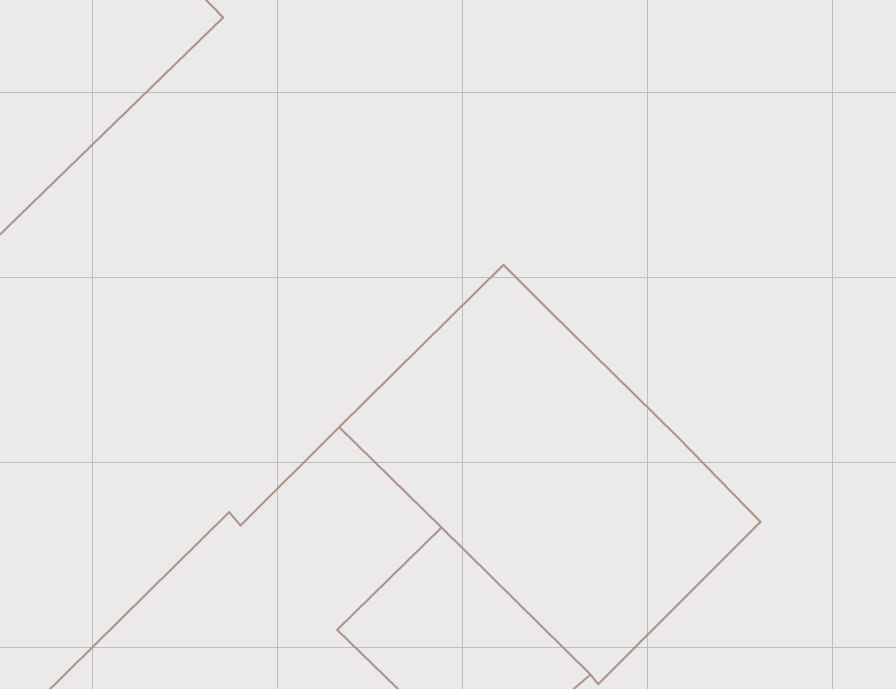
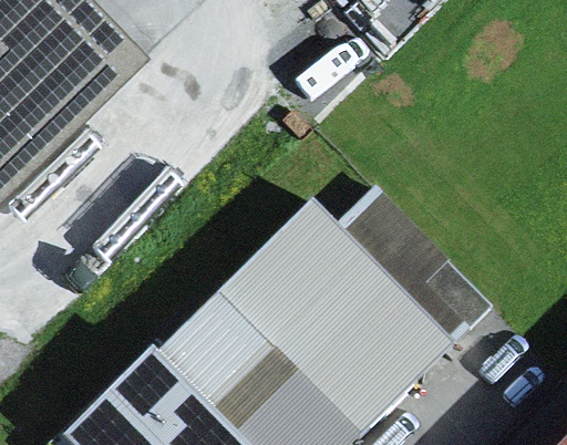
building: none -> [338,186,493,329]

